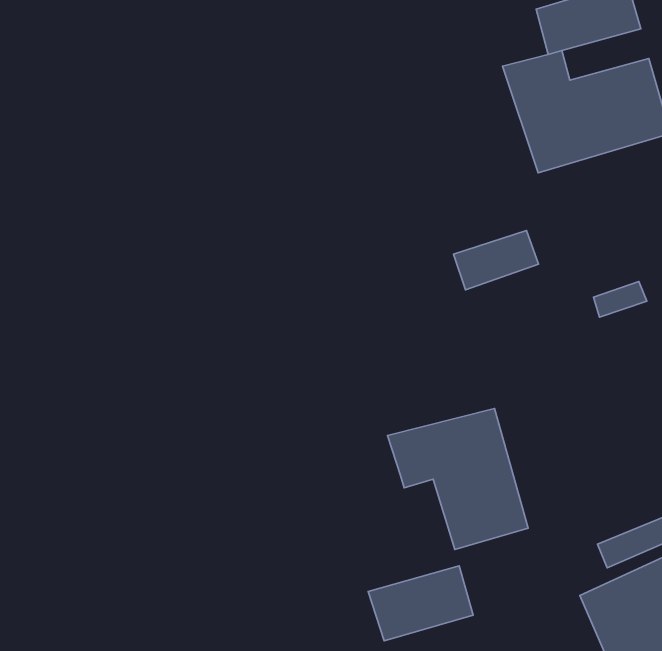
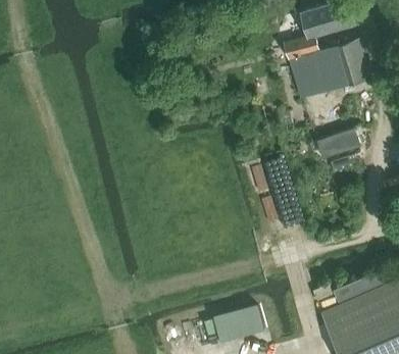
building: [454,230,538,290] -> [316,130,360,160]
building: [388,409,528,549] -> none

